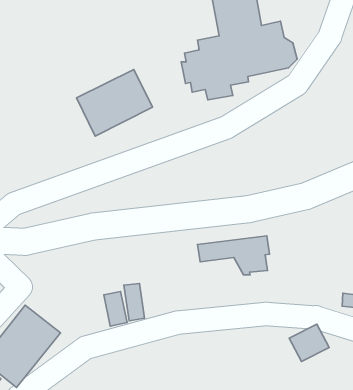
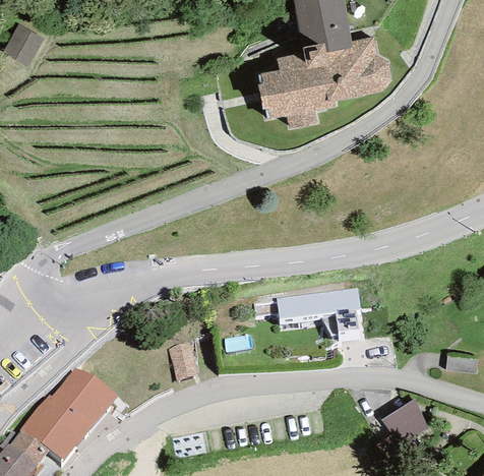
building: [76,70,153,136] -> none

